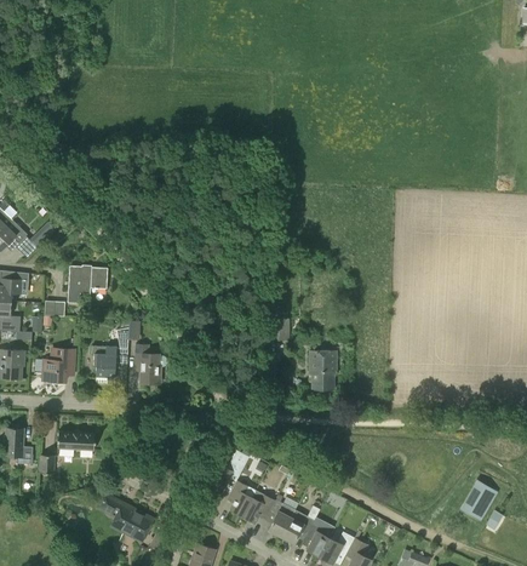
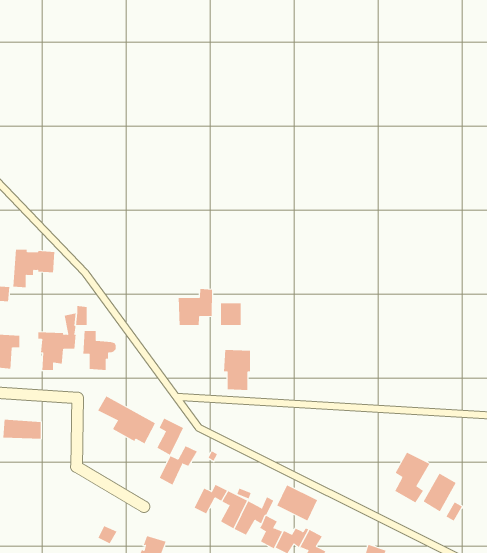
building: none -> [178,288,212,326]
building: [309,349,336,389] -> [223,349,251,391]
building: none -> [395,452,430,503]
building: [229,480,256,516] -> [156,418,184,455]
building: [96,492,153,539] -> [97,396,156,444]
building: none -> [276,485,318,521]

